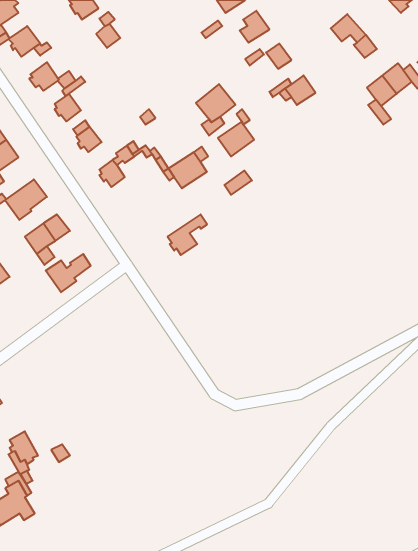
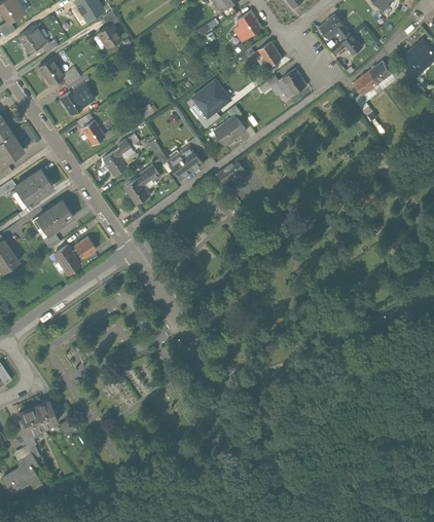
building: [168,214,207,255] -> [123,166,160,204]
building: none -> [32,398,59,427]

